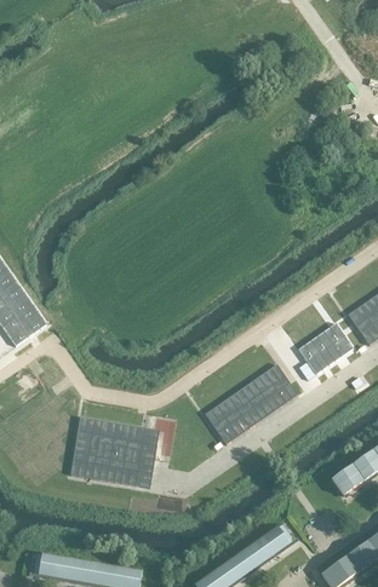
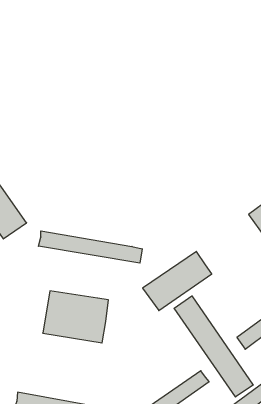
building: [293,328,349,380] -> none
building: none -> [38,231,142,263]
building: none -> [174,296,253,397]

